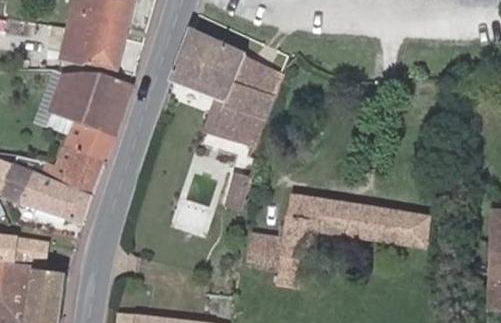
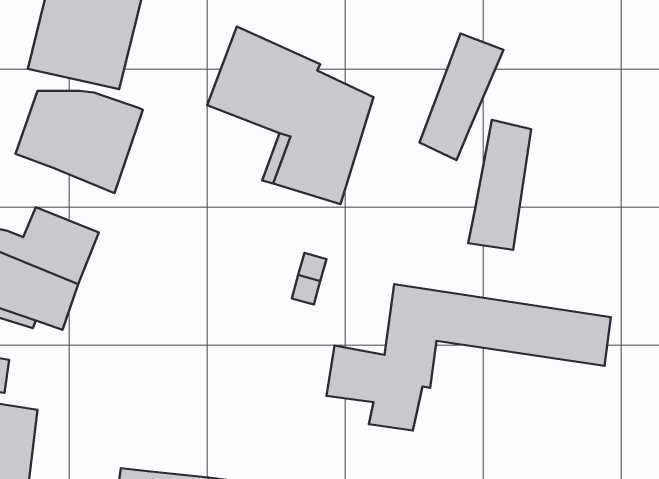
building: none -> [419,34,504,160]
building: none -> [468,120,531,250]
building: [63,120,113,161] -> none

